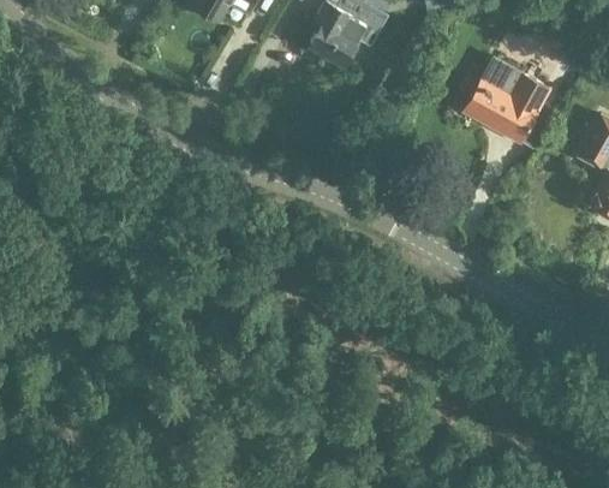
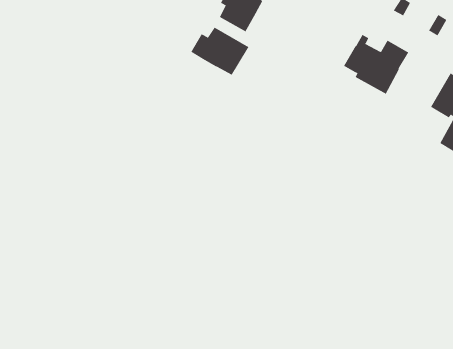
building: none -> [191,27,249,76]

